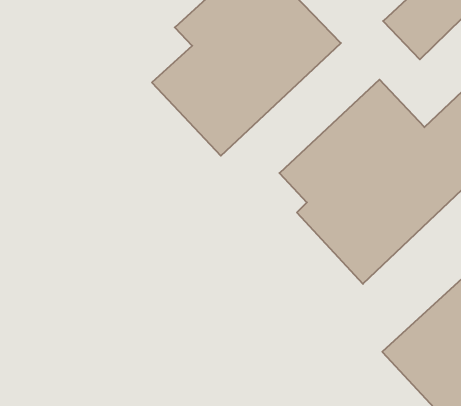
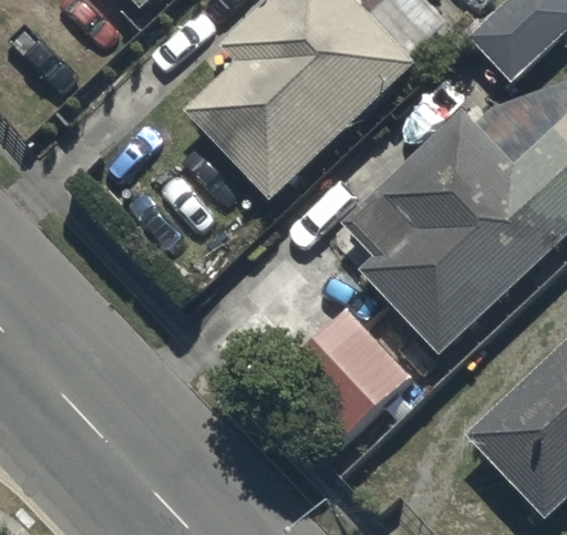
building: none -> [288,308,412,432]

